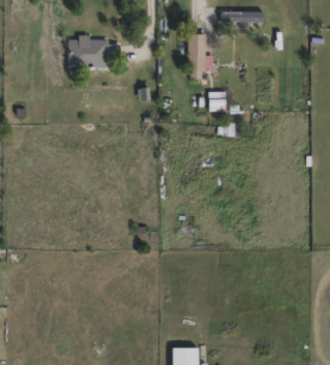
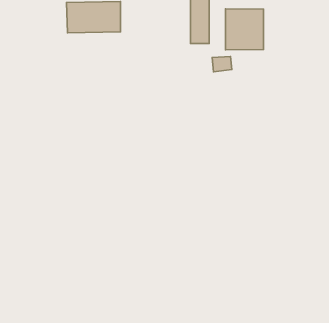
building: none -> [226,9,263,50]

